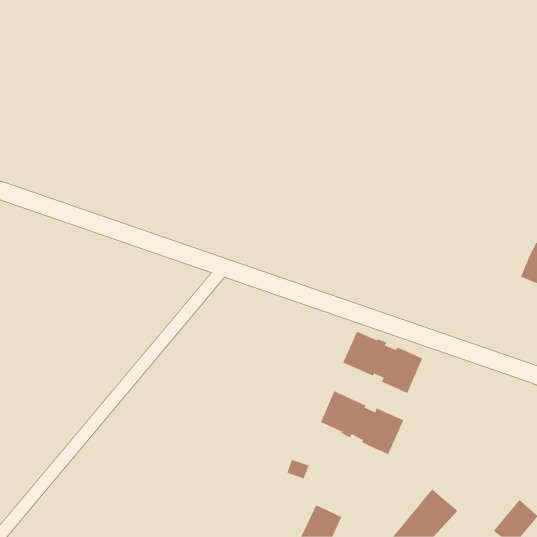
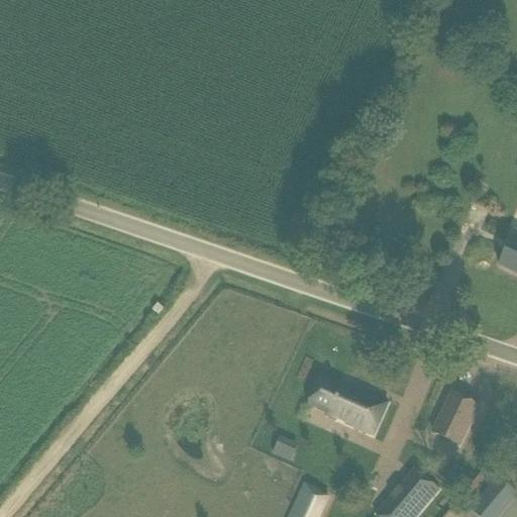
building: [342,331,423,394] -> none
building: none -> [434,393,480,445]

